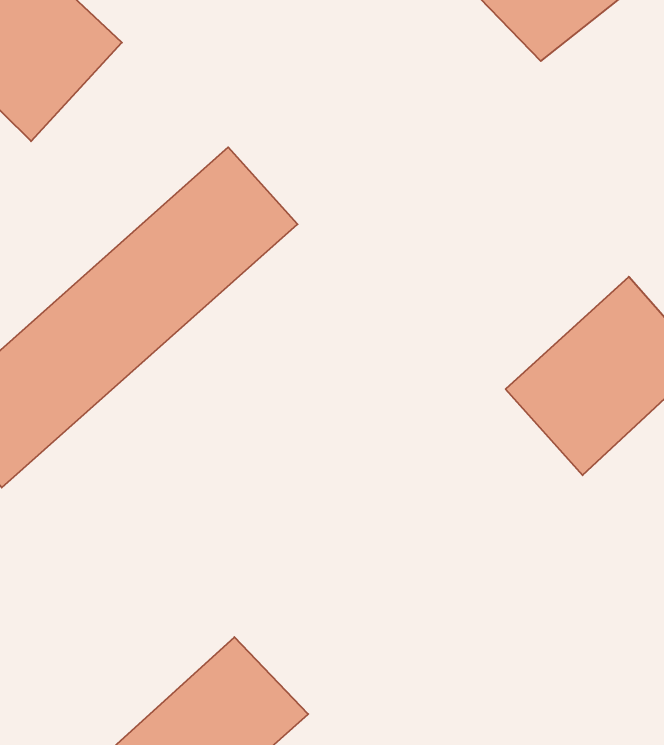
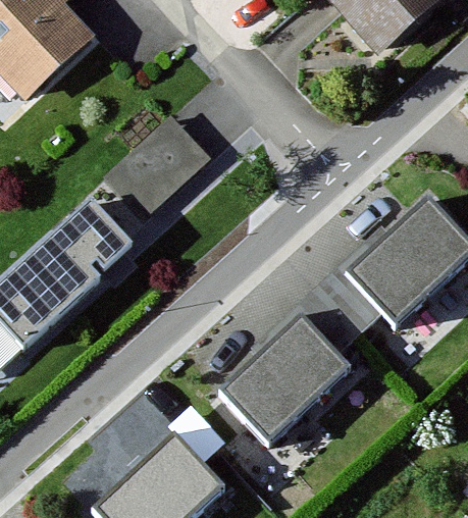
building: none -> [225,321,355,448]

